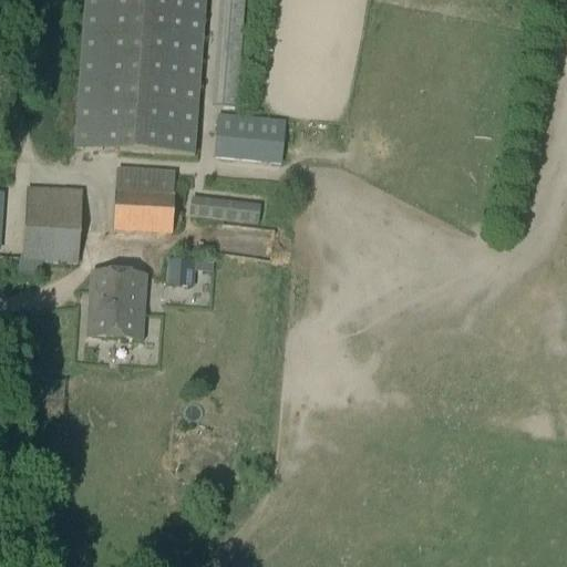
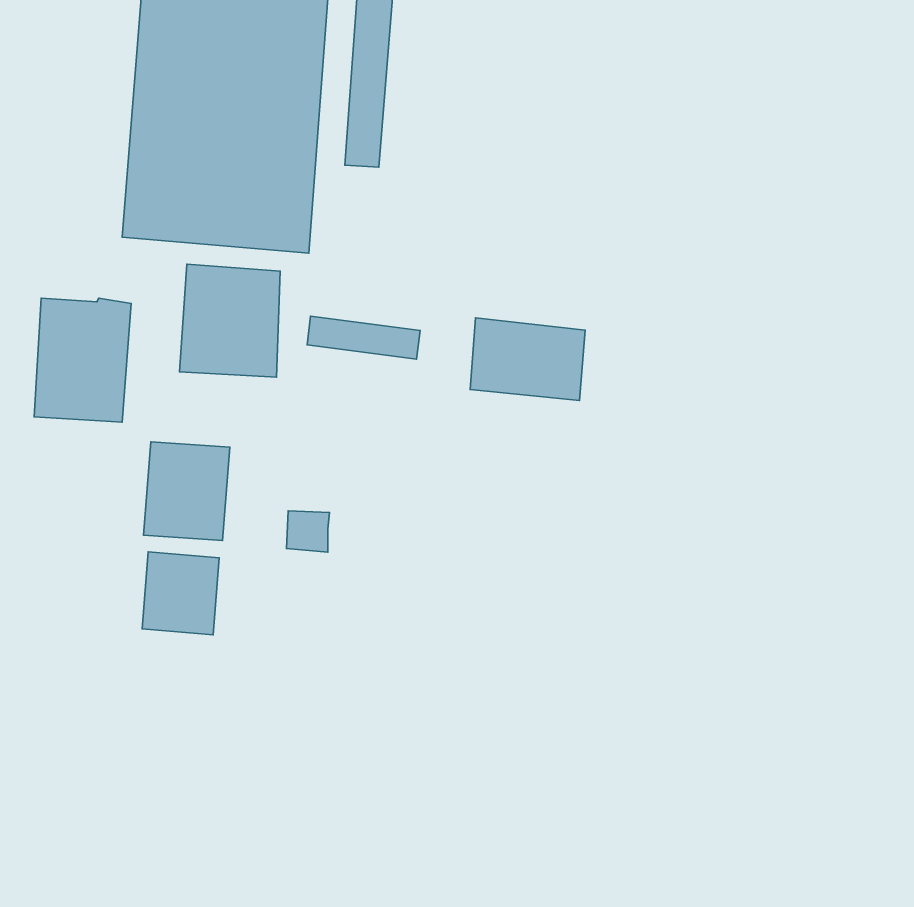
building: [215,110,286,161] -> [470,318,585,400]
building: [168,258,195,284] -> [286,511,329,552]
building: none -> [142,552,219,635]

